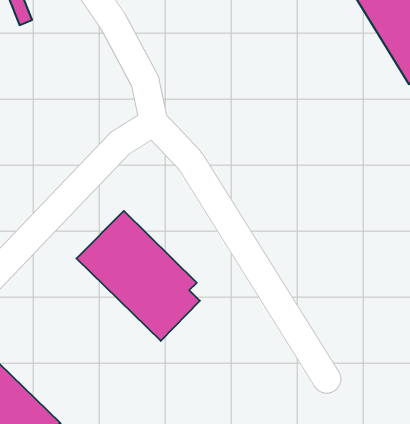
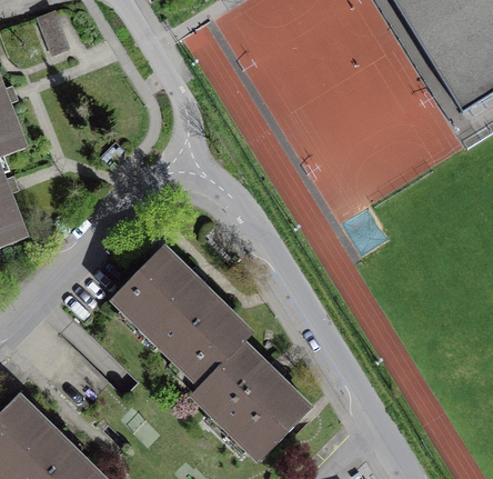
building: none -> [193,341,311,459]

